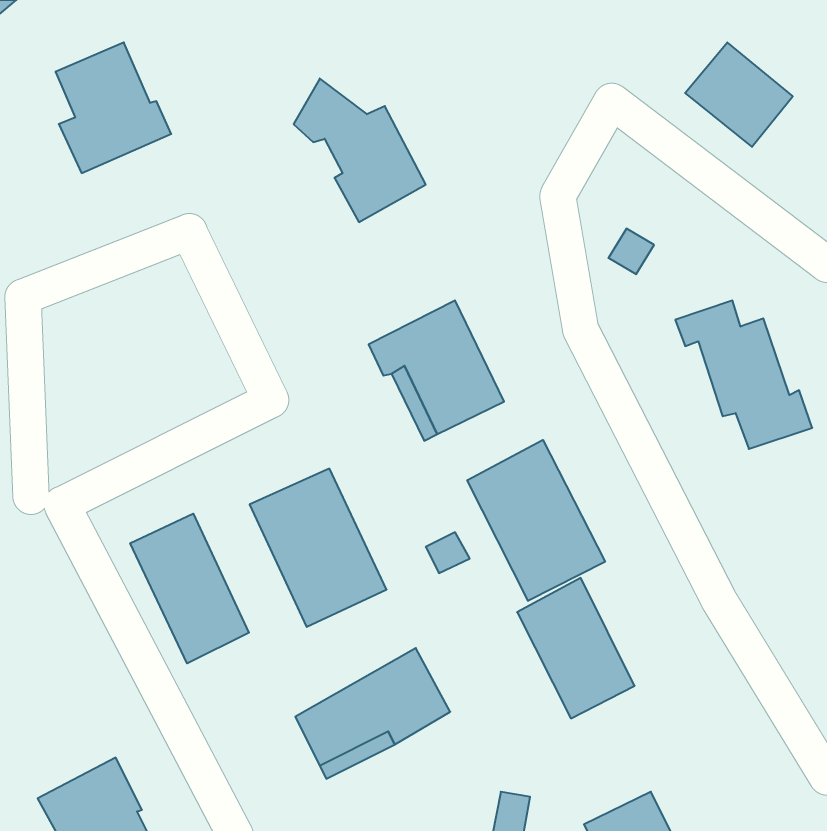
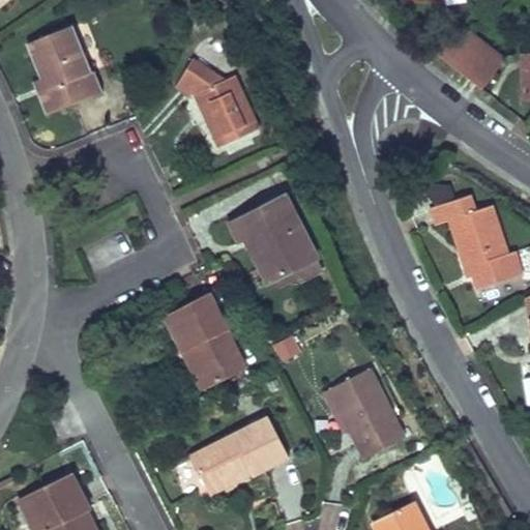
building: [467,440,605,601] -> none
building: [130,514,249,663] -> none

